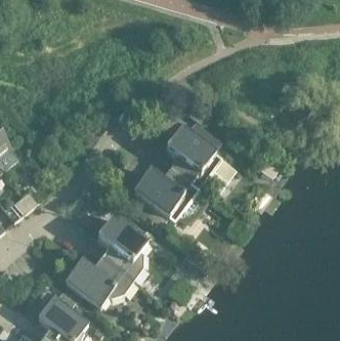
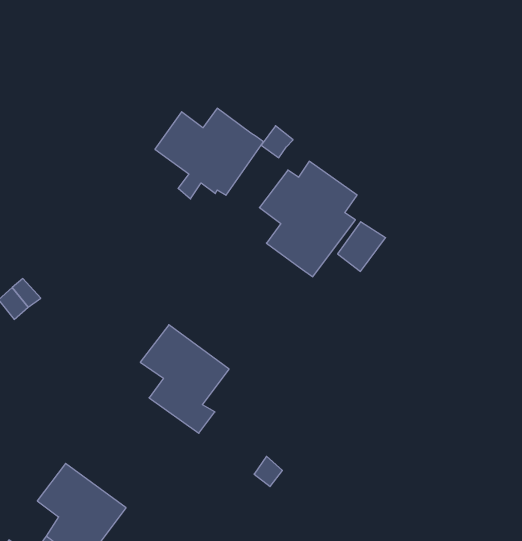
building: [133,168,196,220] -> [155,108,263,199]
building: [65,257,130,306] -> none

